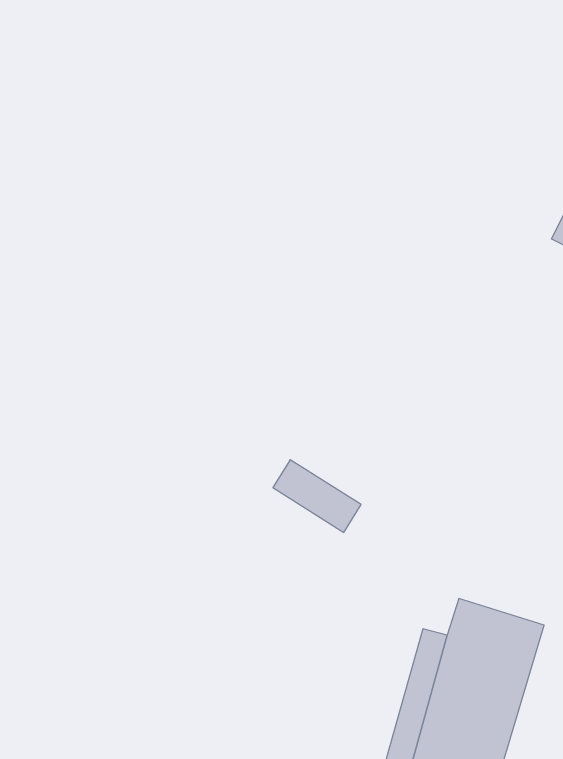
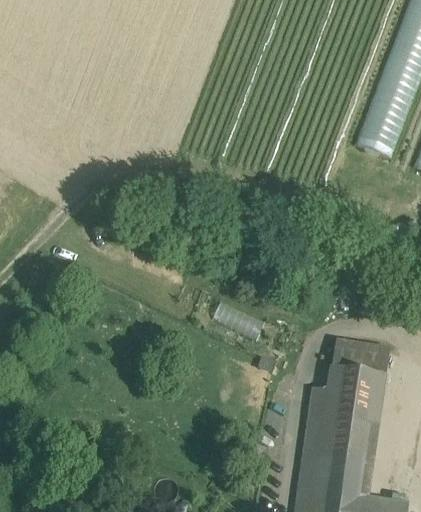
building: none -> [332,341,388,375]

